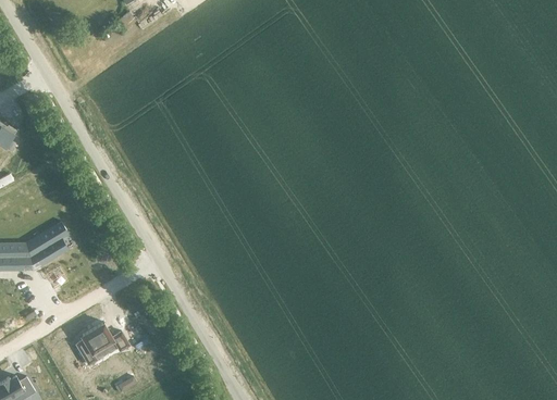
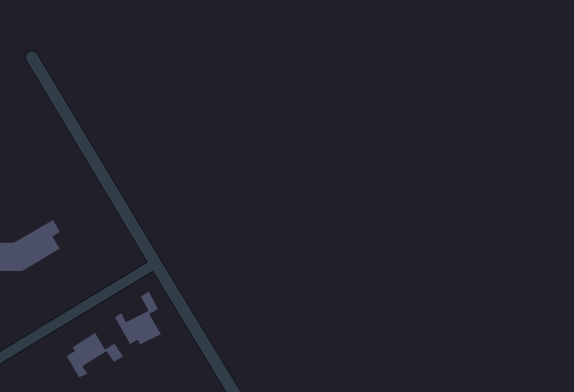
building: none -> [114,291,162,346]

